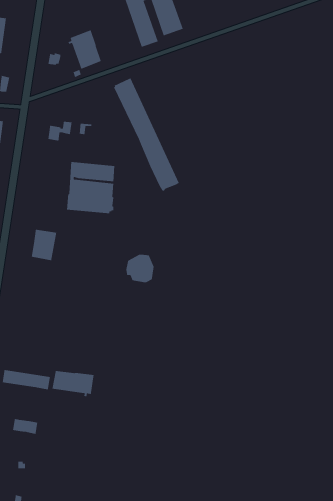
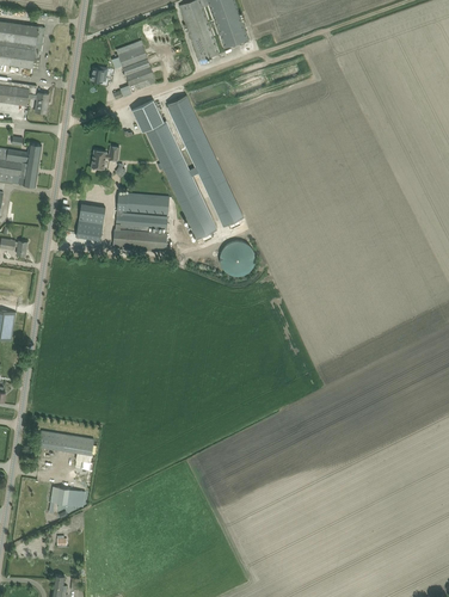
building: none -> [130,100,216,241]
building: [31,229,57,261] -> [75,204,105,241]
building: [126,254,155,283] -> [220,241,253,275]
building: [52,370,95,397] -> none

